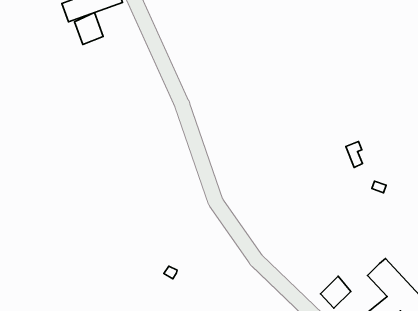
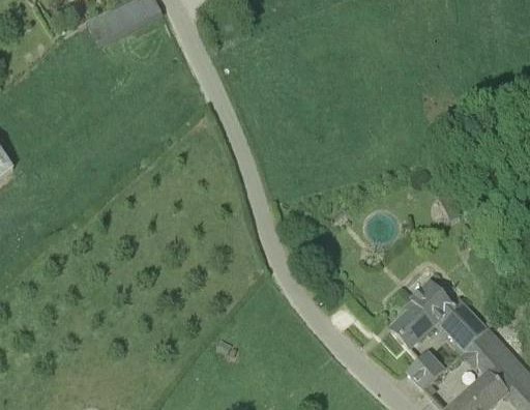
building: [75,13,103,45] -> none
building: none -> [390,284,487,349]

